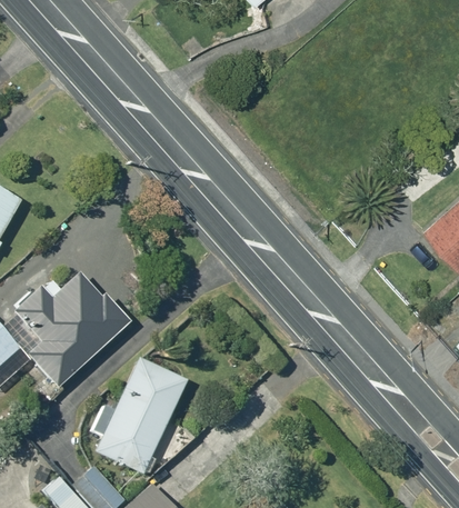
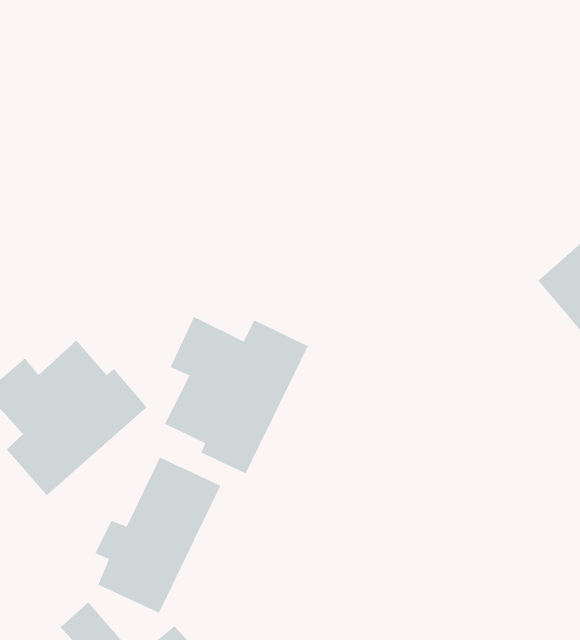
building: none -> [164,316,309,474]

